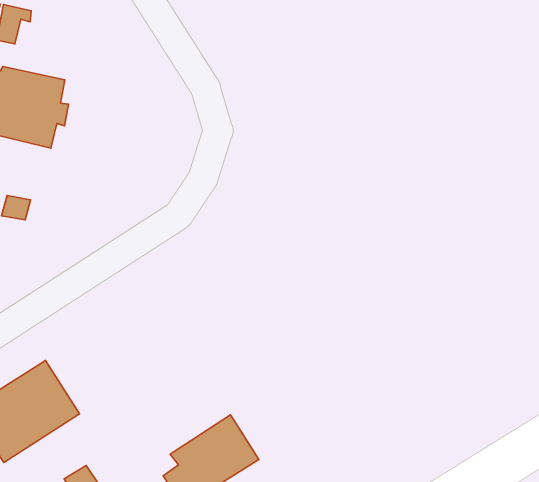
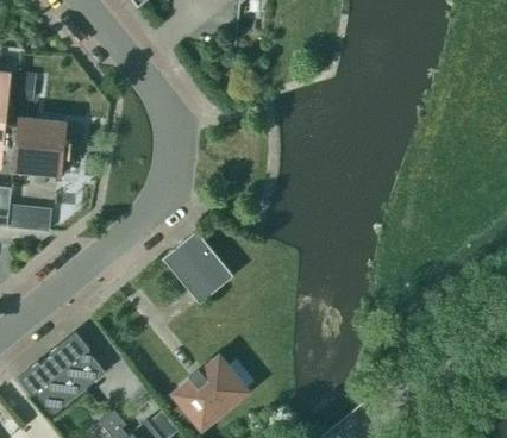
building: none -> [162,230,233,304]

